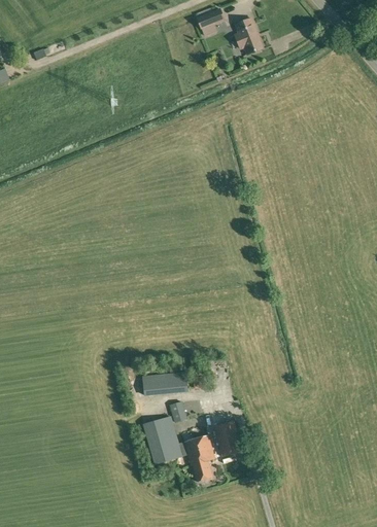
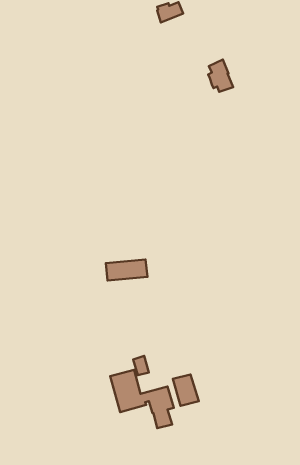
building: [235,17,263,54] -> [208,60,233,92]
building: [142,372,188,395] -> [106,259,147,281]

